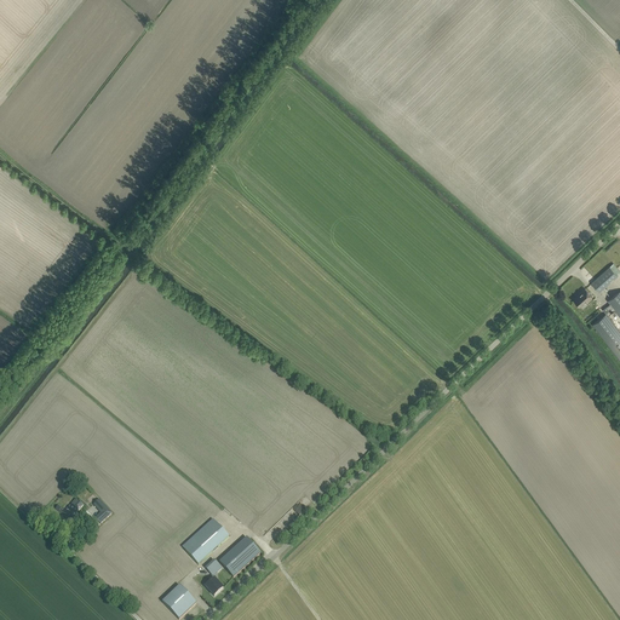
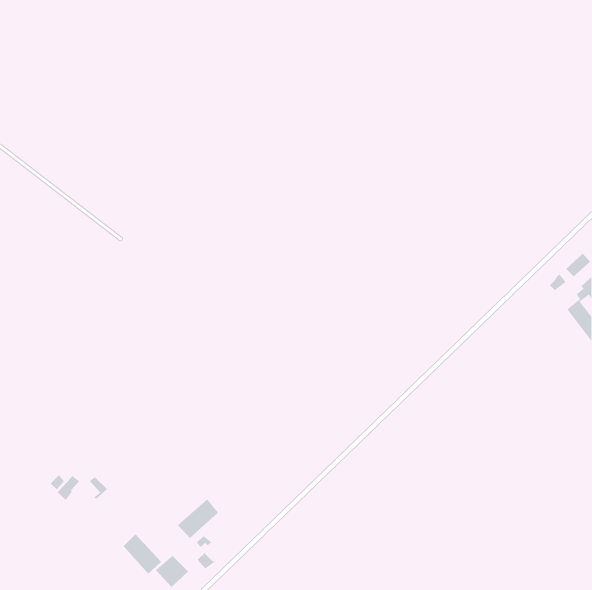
building: [219,536,260,575] -> none
building: none -> [123,534,162,574]

